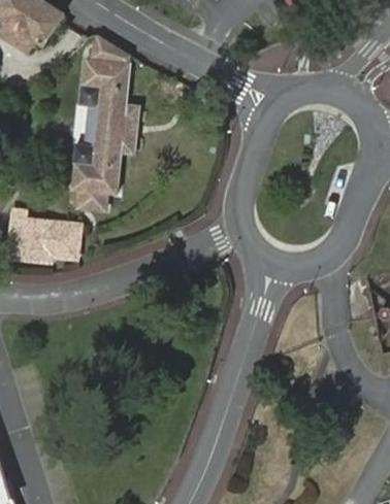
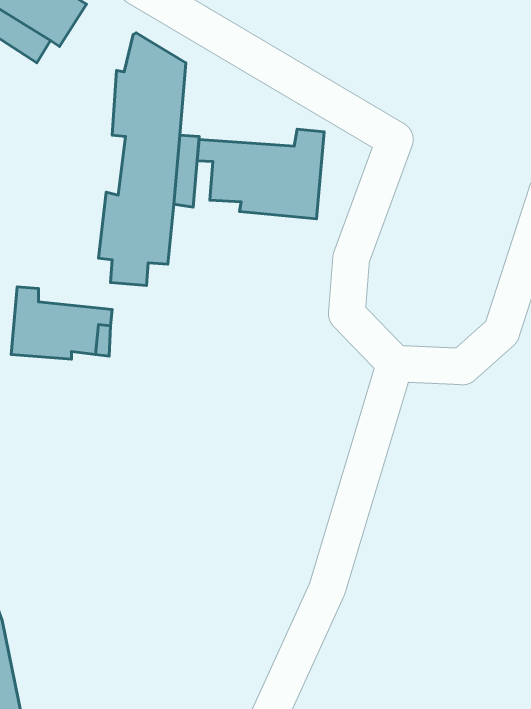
building: none -> [197,129,324,219]

